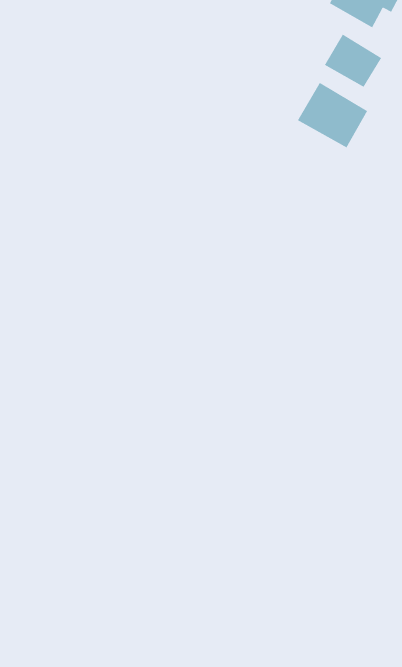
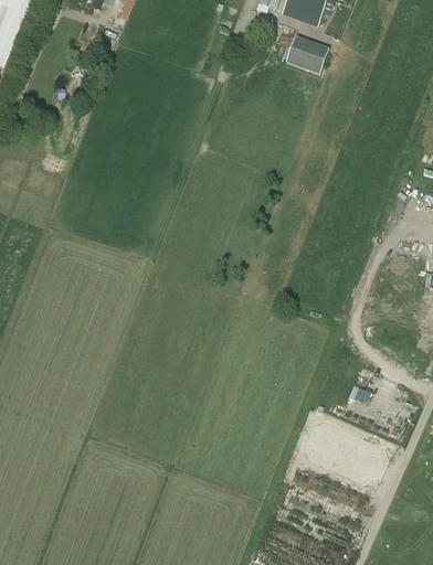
building: [297,82,368,149] -> none

